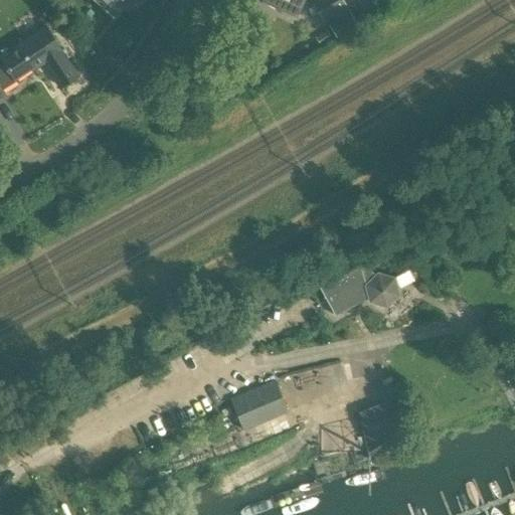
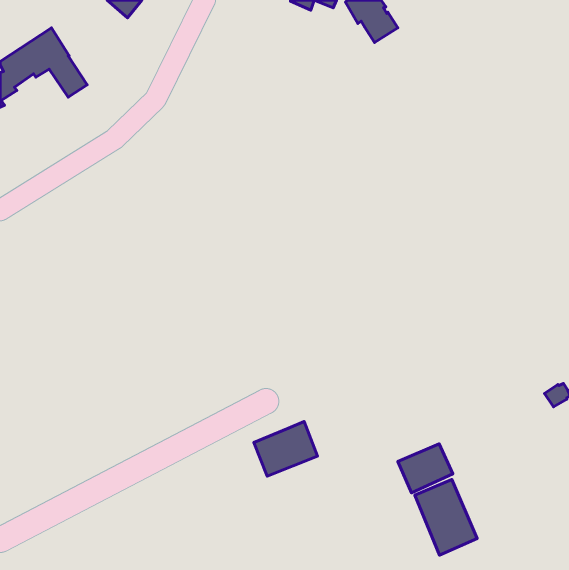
building: [321,263,410,317] -> none
building: none -> [415,479,477,555]

